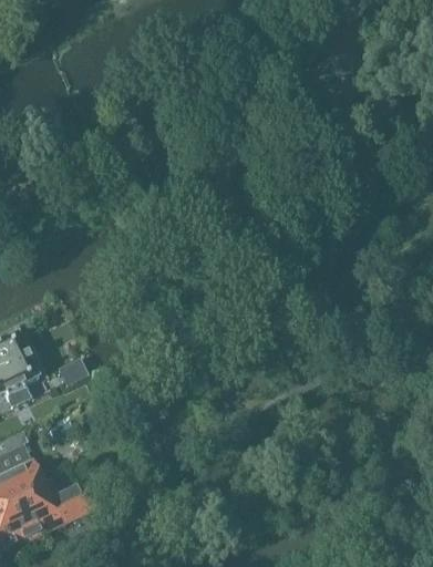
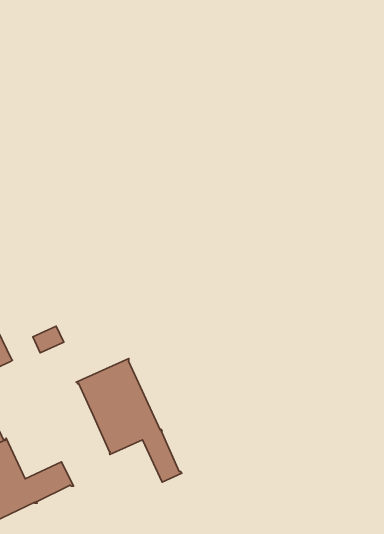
building: none -> [76,359,182,482]

